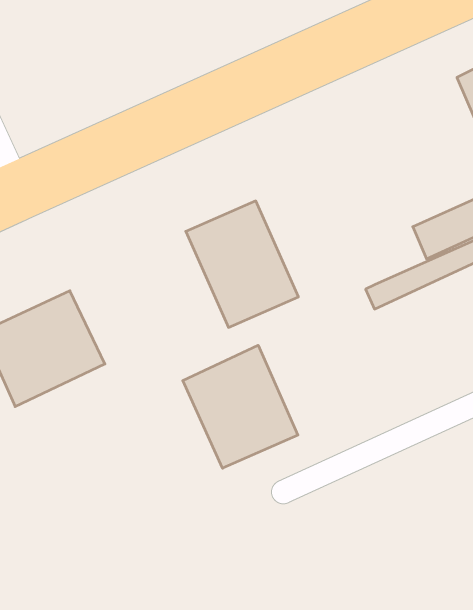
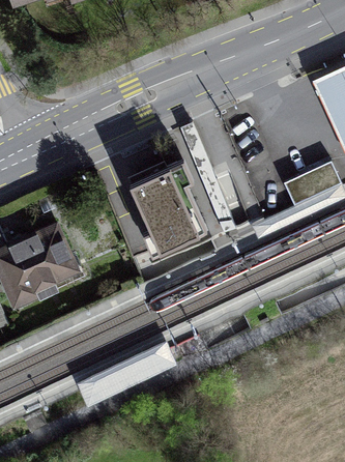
building: [183,345,298,468] -> none

